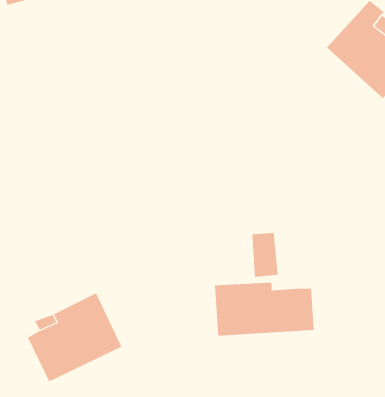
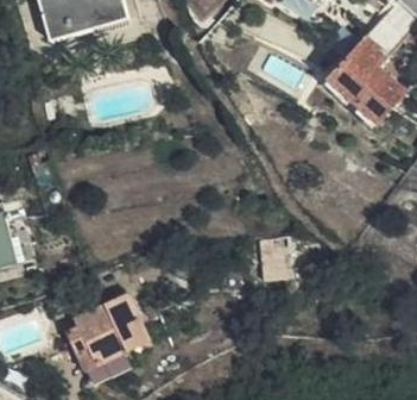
building: [214,282,314,337] -> none

